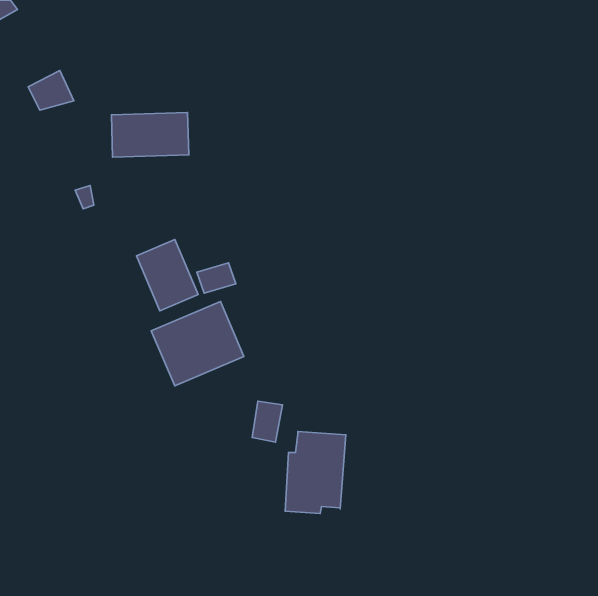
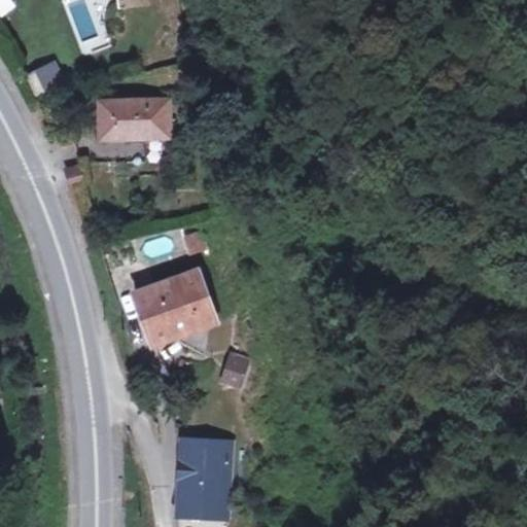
building: [136,239,198,311] -> none
building: [285,431,346,514] -> [180,434,234,506]

